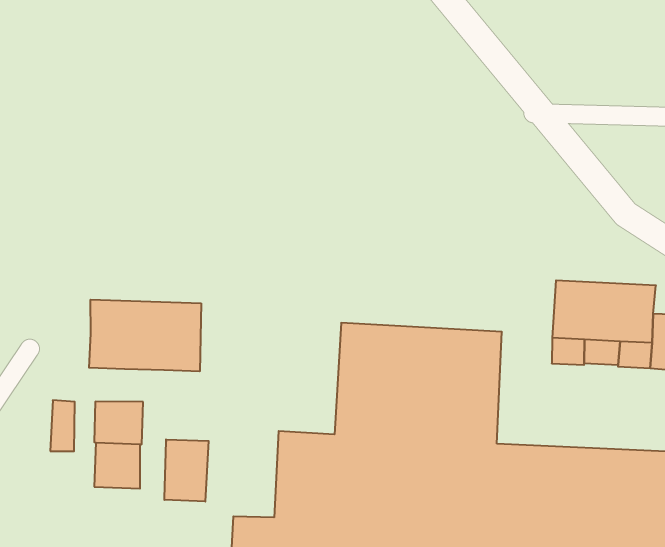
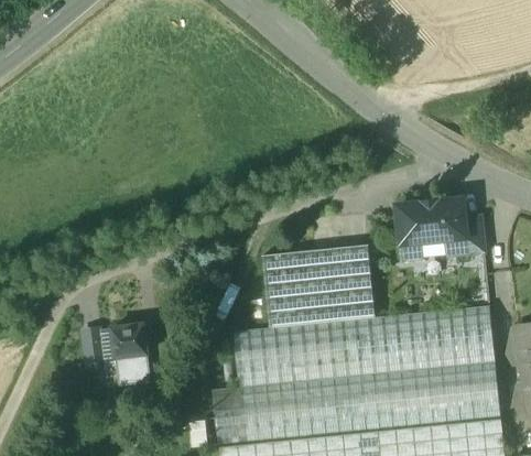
building: [89,300,201,371] -> none
building: [164,439,209,502] -> none

